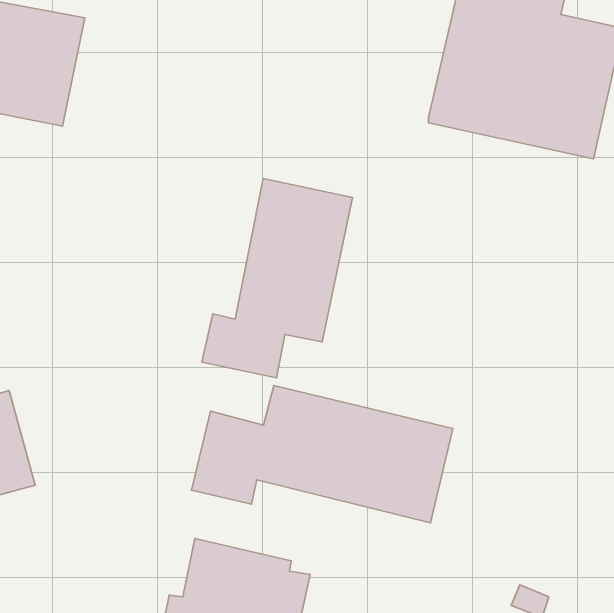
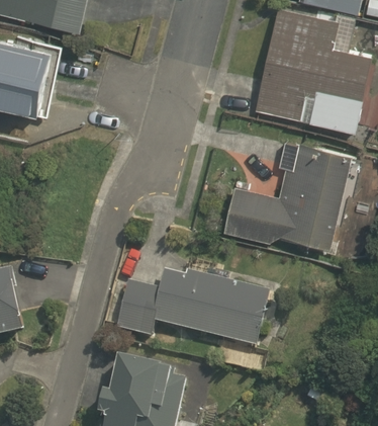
building: none -> [222,143,353,249]
building: [202,179,352,378] -> none

